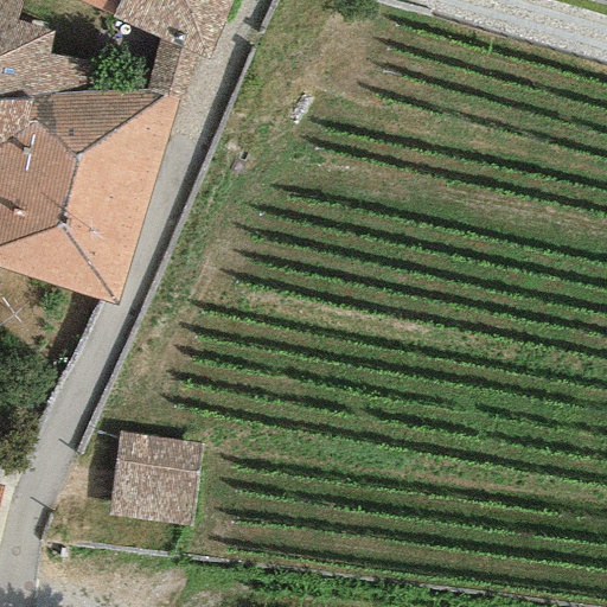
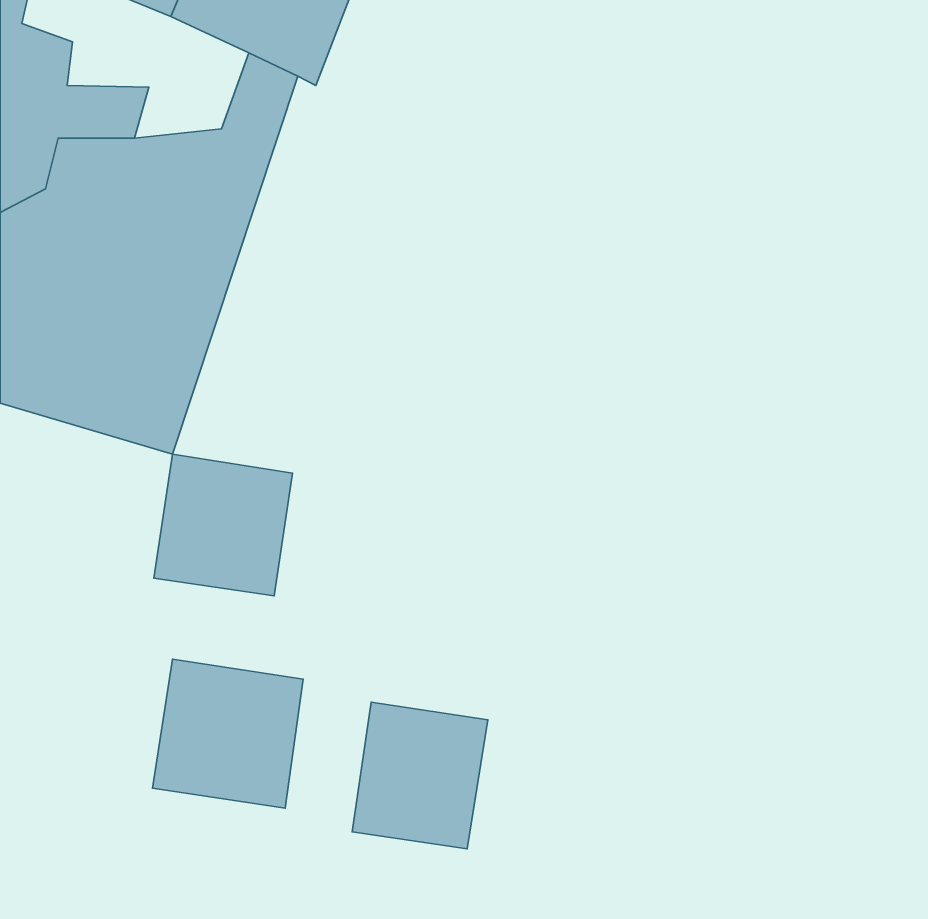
building: none -> [154,454,293,596]
building: none -> [352,702,488,849]

